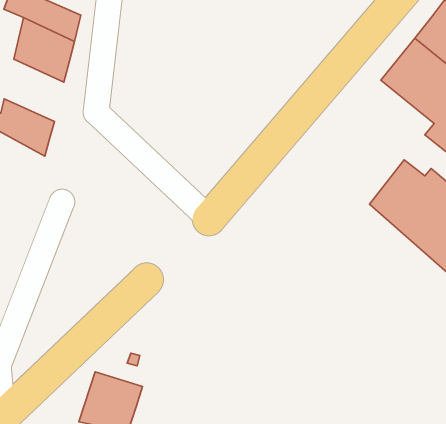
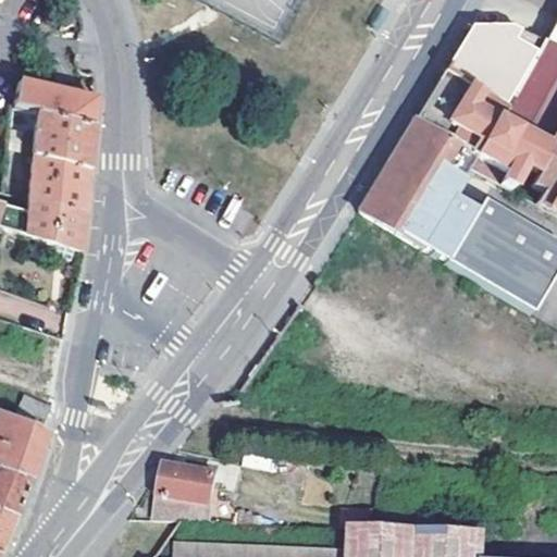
building: none -> [32,154,90,212]
building: none -> [361,116,479,246]

